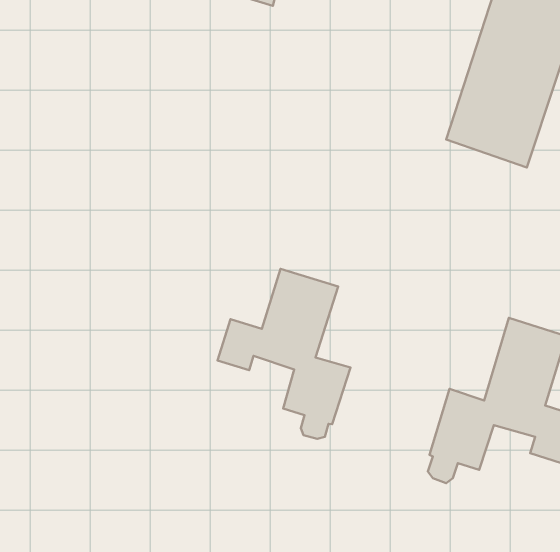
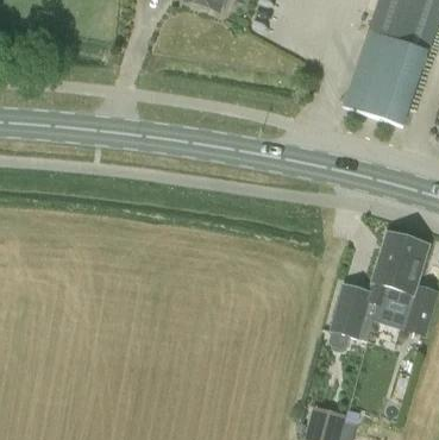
building: [218,269,350,439] -> none

